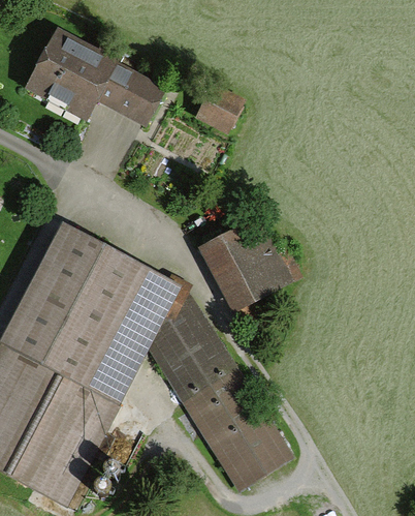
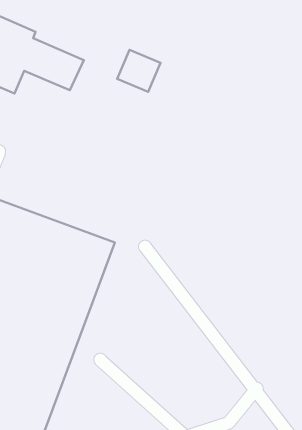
building: [198,215,300,313] -> none
building: [148,286,289,485] -> none

